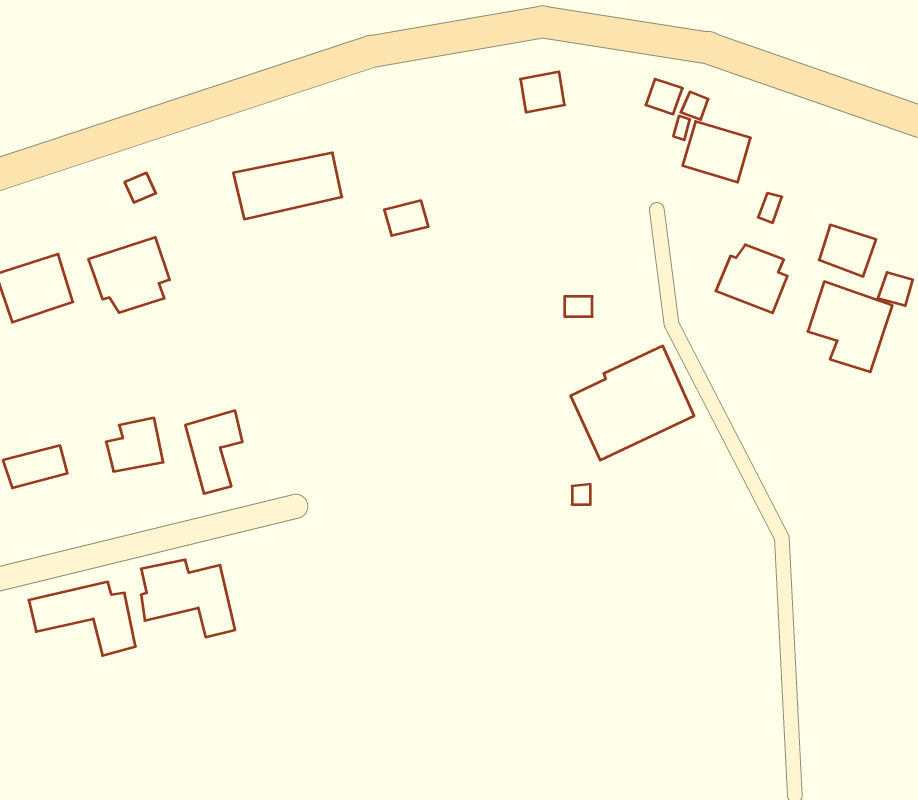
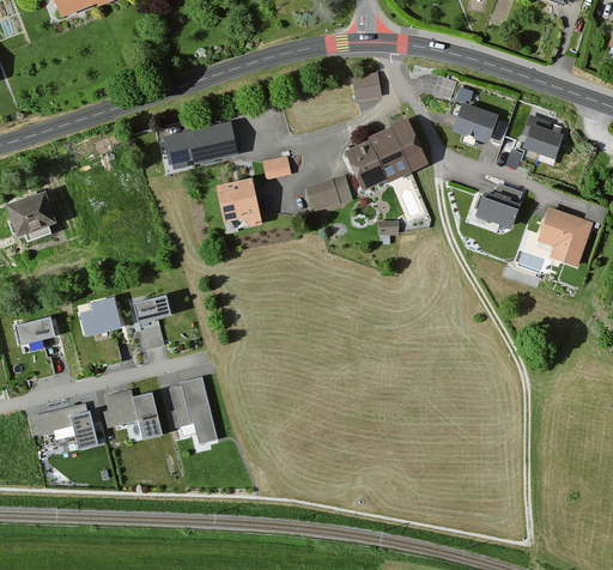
building: [819,225,876,276] -> [524,126,562,159]
building: none -> [305,174,350,208]
building: none -> [217,177,265,226]
building: [89,237,170,313] -> none
building: [571,346,694,460] -> [346,119,426,193]
building: none -> [169,378,216,443]

